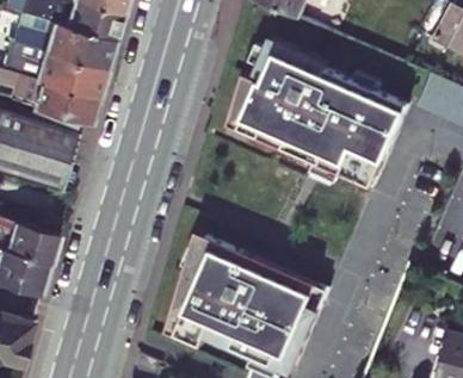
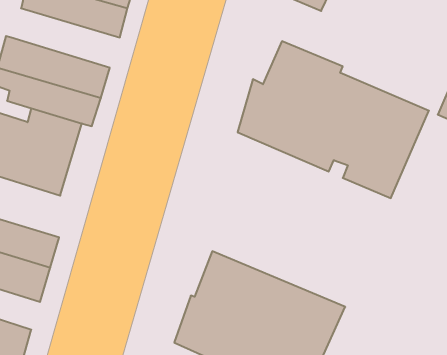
building: [12,11,115,67] -> none

